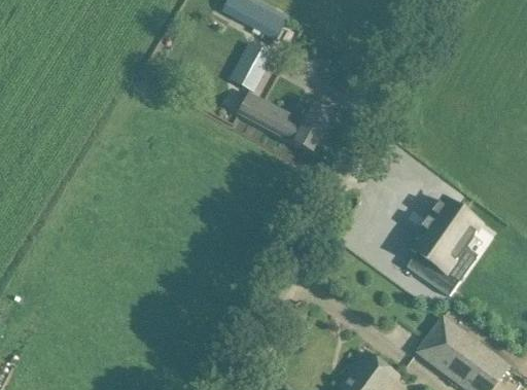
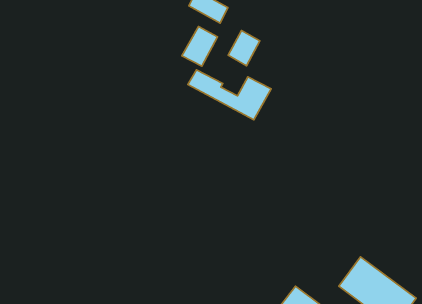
building: none -> [228,30,260,66]
building: [407,200,479,295] -> none

